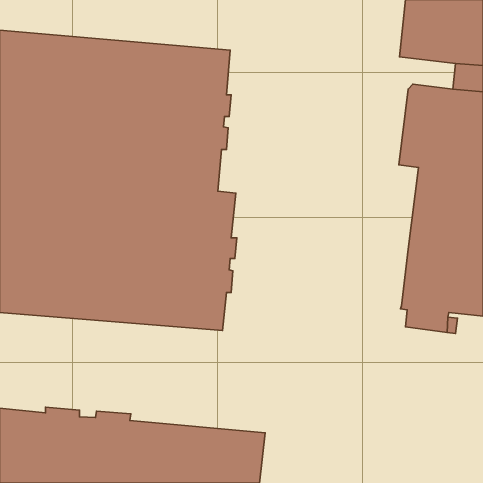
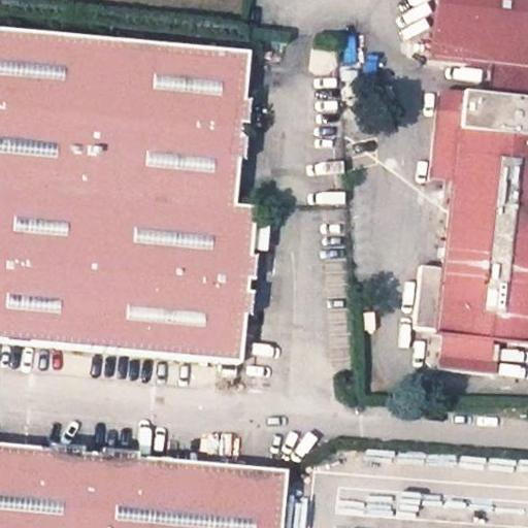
building: none -> [415,268,444,333]

